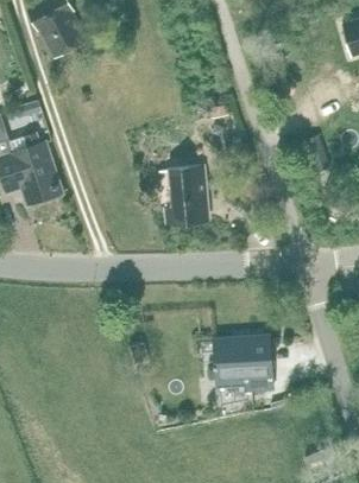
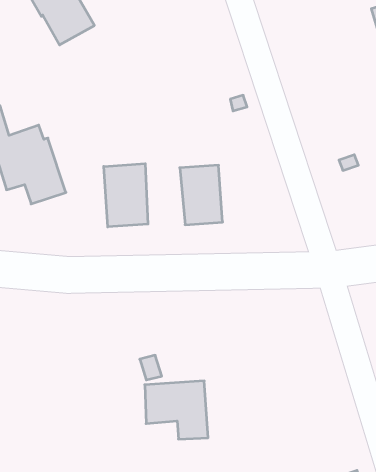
building: none -> [104,164,148,227]
building: [215,335,273,388] -> [145,381,208,439]

